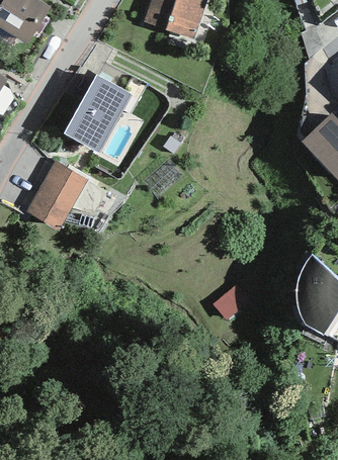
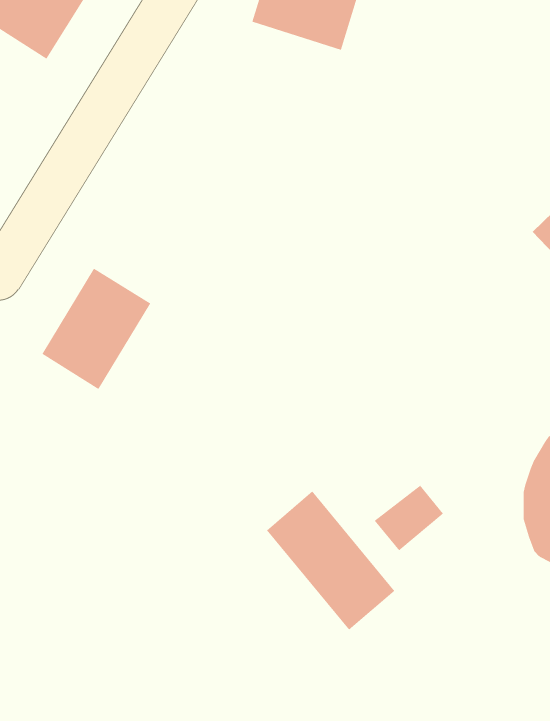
building: [64,75,132,151] -> none
building: none -> [266,490,395,631]

